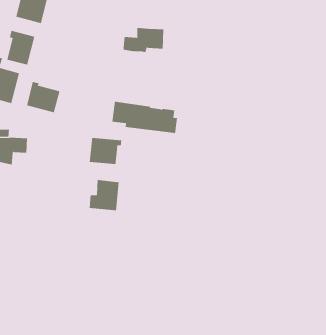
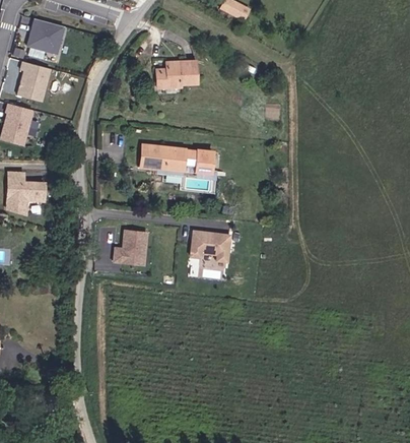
building: [27,81,60,113] -> none
building: [89,137,122,165] -> none
building: none -> [188,231,229,263]

